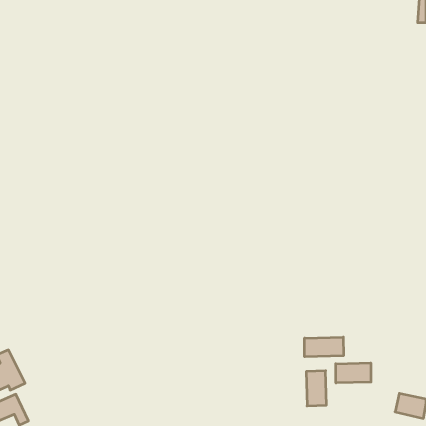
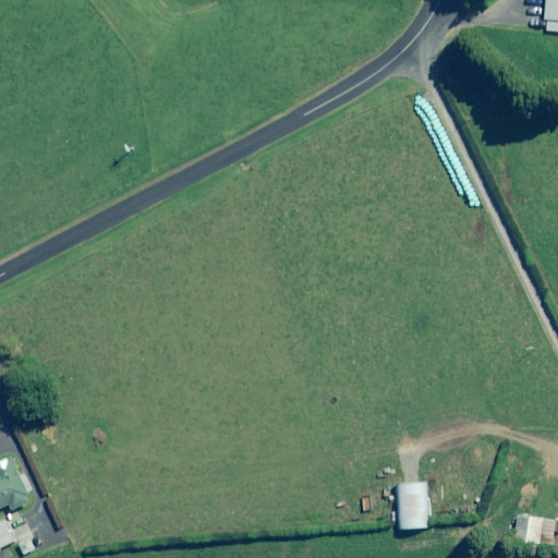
building: [305,337,343,357] -> none
building: [336,363,371,383] -> none

